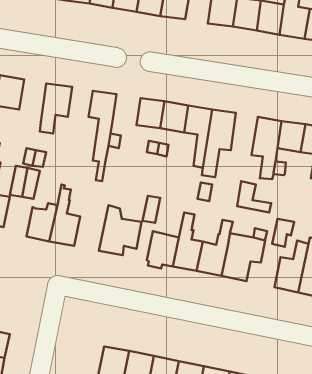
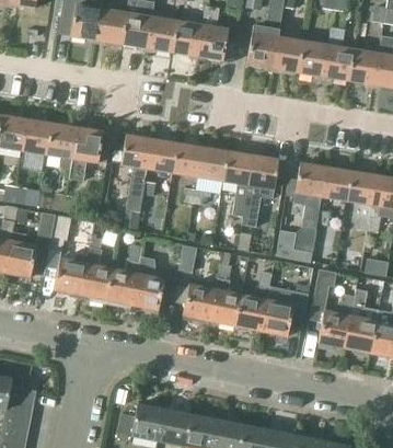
building: none -> [47,123,76,168]
building: none -> [146,138,175,171]
building: none -> [105,245,142,303]

